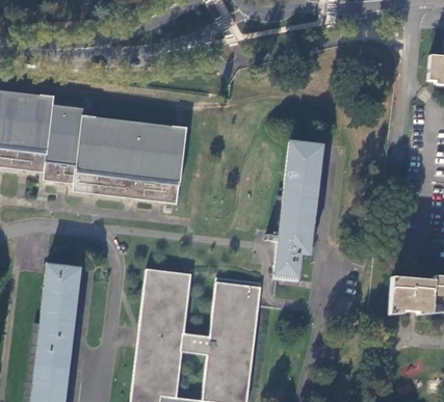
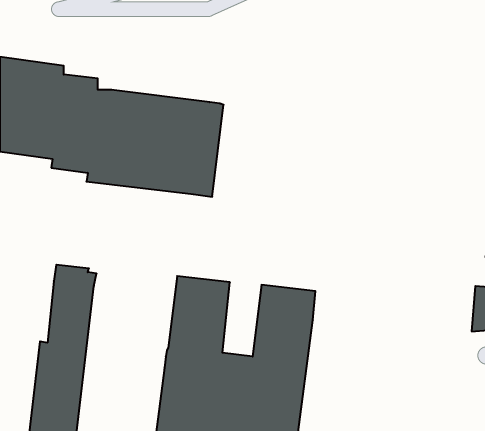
building: [272,140,322,277] -> none

